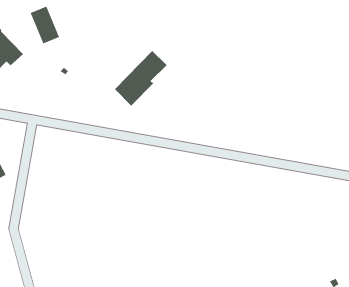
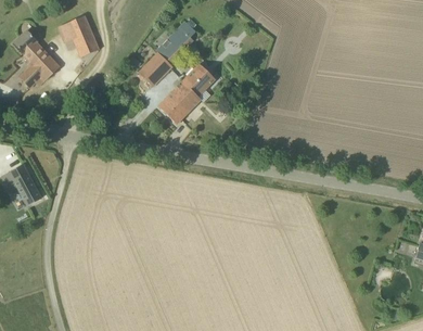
building: none -> [138,20,195,86]

